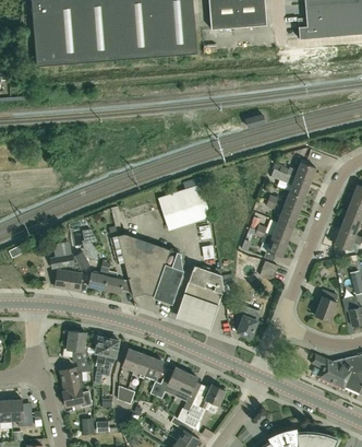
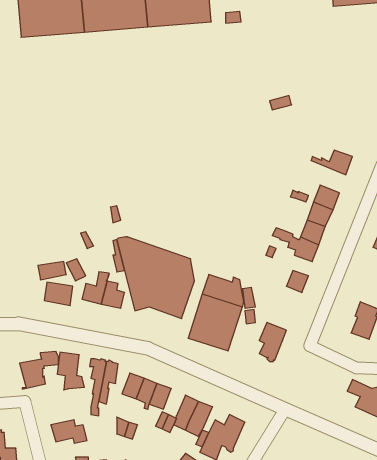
building: [270,169,310,197] -> none
building: [158,186,210,231] -> none
building: [59,361,92,392] -> [20,351,58,389]

